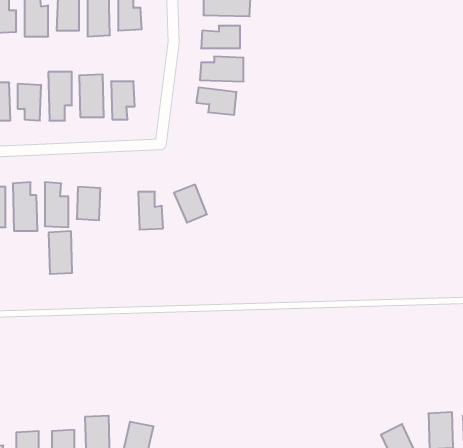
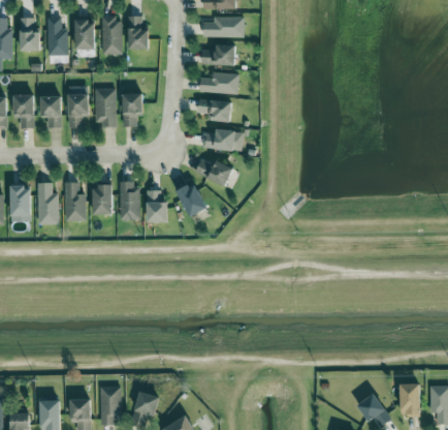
building: none -> [202,130,243,151]
building: none -> [195,160,234,187]
building: [49,231,72,274] -> [120,183,140,220]

